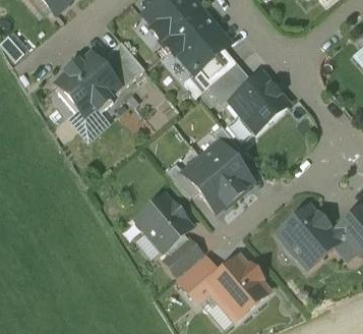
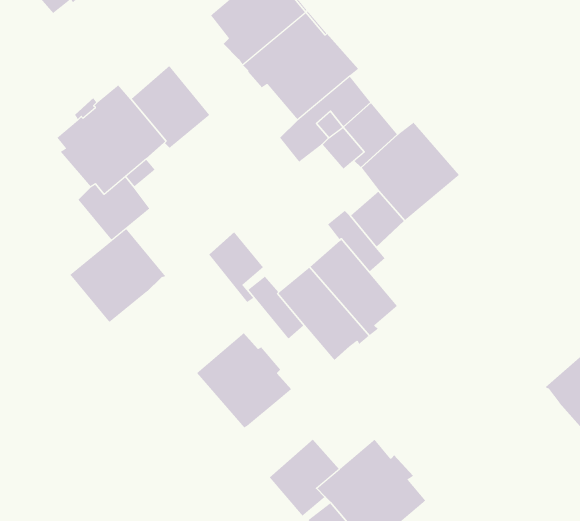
building: none -> [70,228,166,323]
building: none -> [208,232,264,303]
building: [278,205,345,268] -> none
building: [165,233,201,273] -> none

